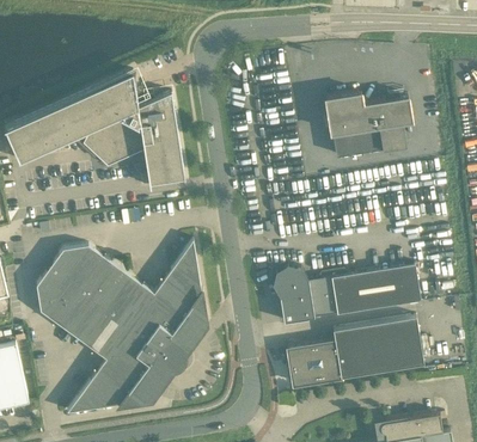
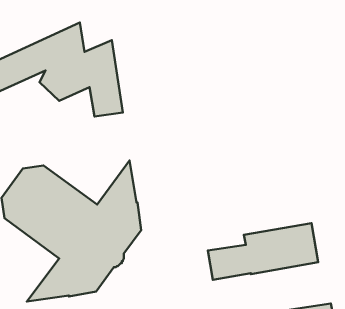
building: [325,93,411,158] -> none
building: [273,264,420,324] -> none

